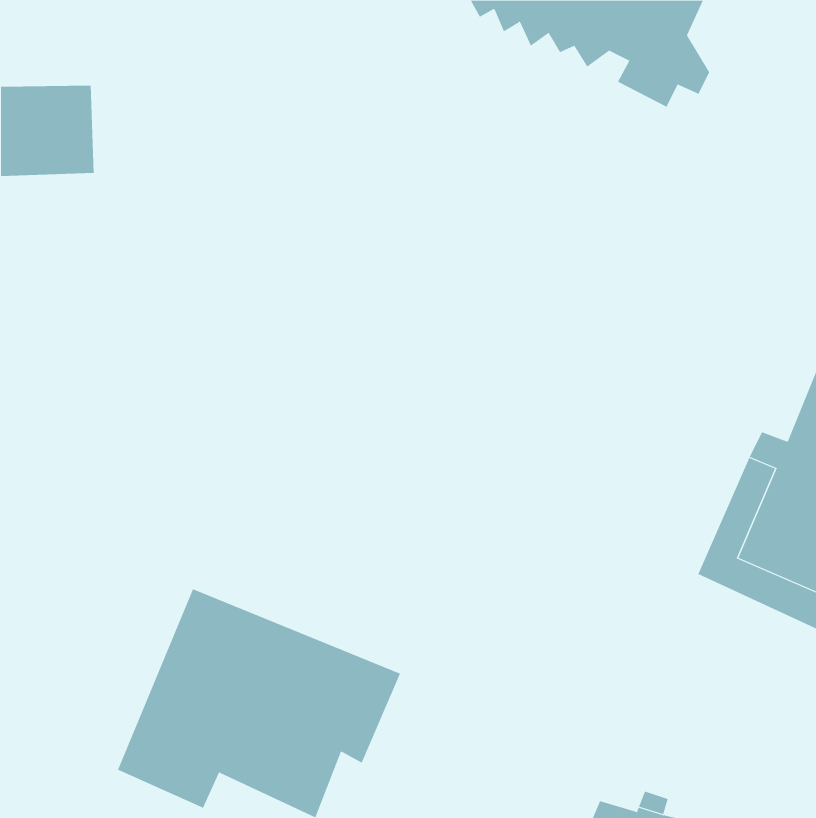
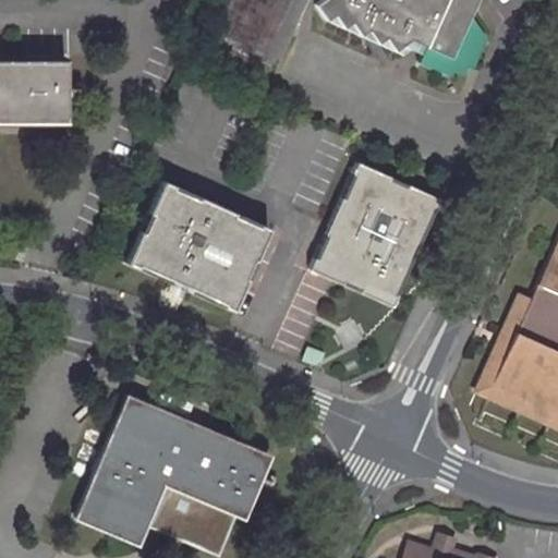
building: none -> [307,160,439,303]
building: none -> [125,180,269,307]

